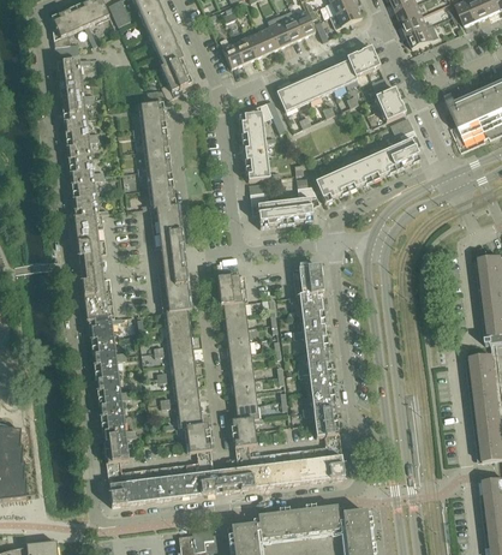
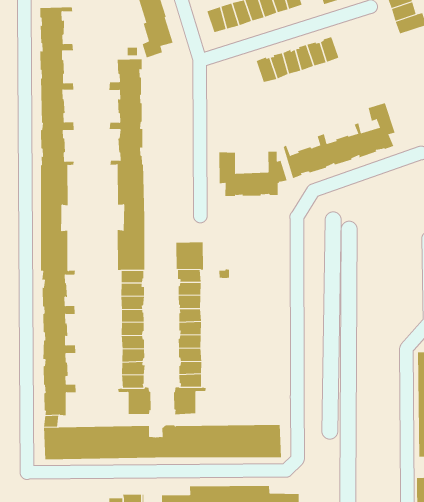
building: [346,46,380,76] -> none
building: [371,77,406,120] -> none
building: [239,100,286,180] -> none
building: [288,264,339,436] -> none

